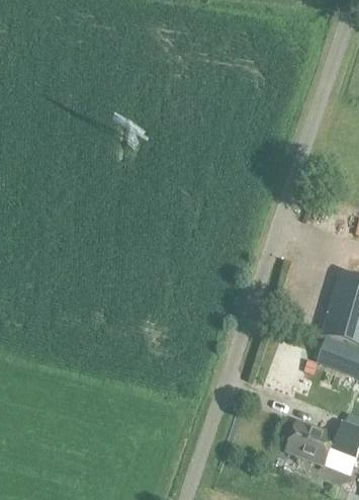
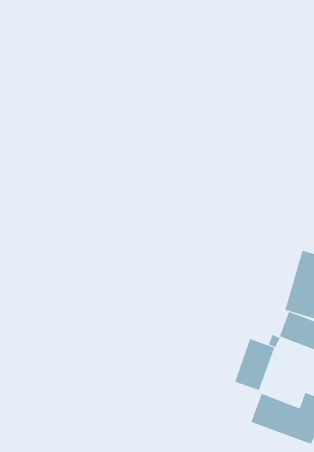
building: none -> [234,338,276,391]

